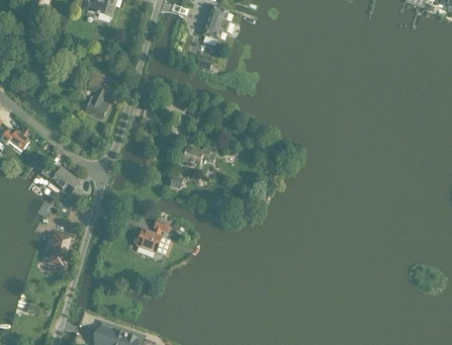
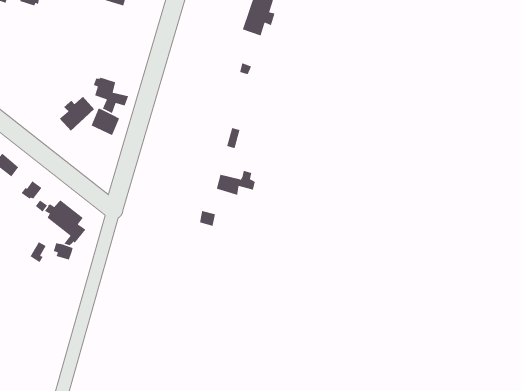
building: none -> [59,96,95,132]
building: [137,220,168,251] -> none
building: [48,234,70,267] -> none

